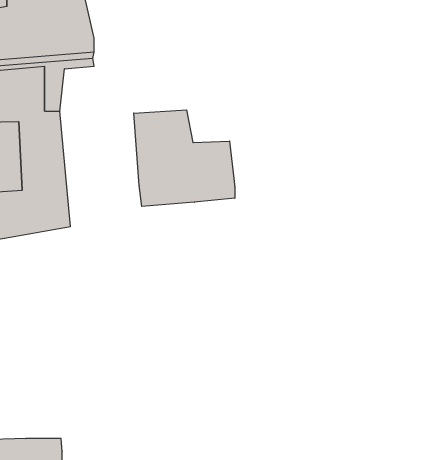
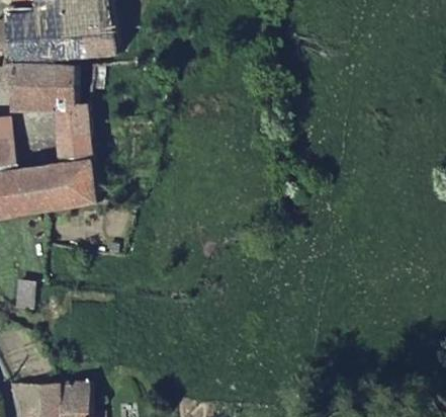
building: [134,110,235,206] -> none

